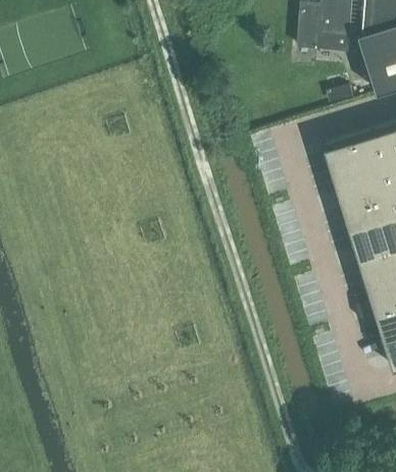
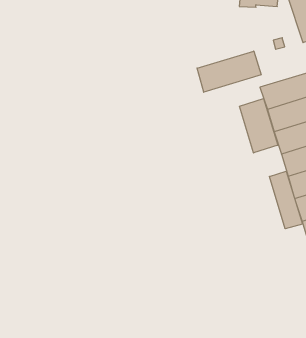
building: none -> [197,51,261,92]
building: none -> [239,99,278,153]
building: none -> [269,171,302,229]

